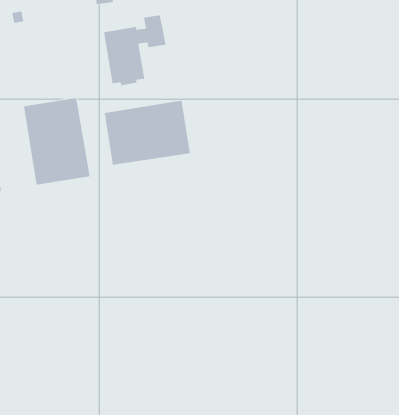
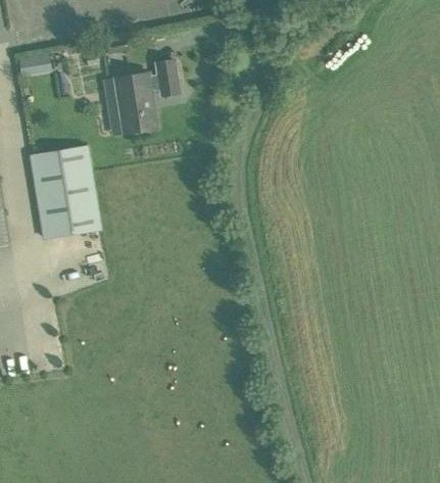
building: [104,100,191,166] -> none

